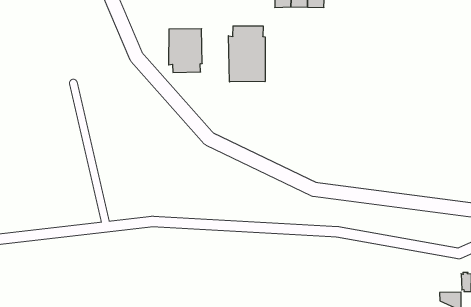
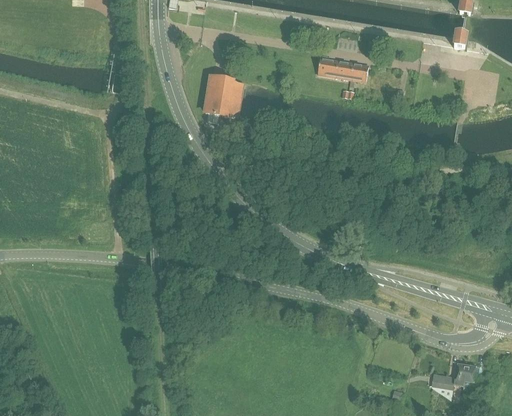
building: [228,26,265,82] -> none

